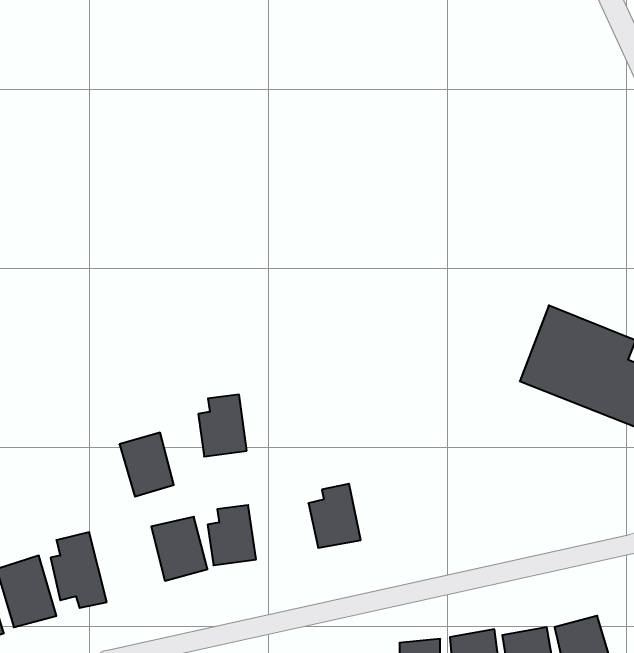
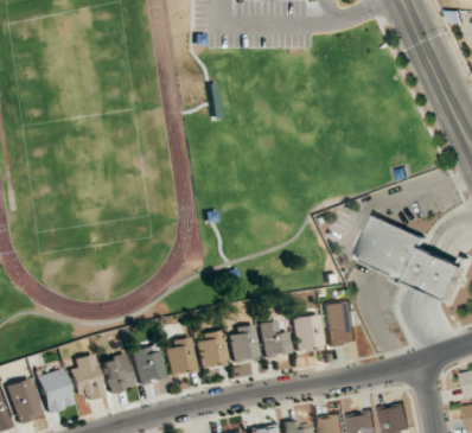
building: [198,395,247,457] -> [196,330,225,368]
building: [119,433,174,497] -> [100,354,133,393]
building: none -> [323,300,356,346]
building: none -> [292,314,320,349]
building: none -> [259,321,289,357]

